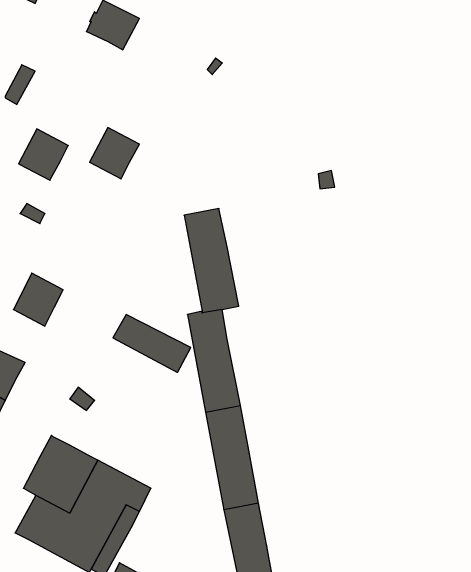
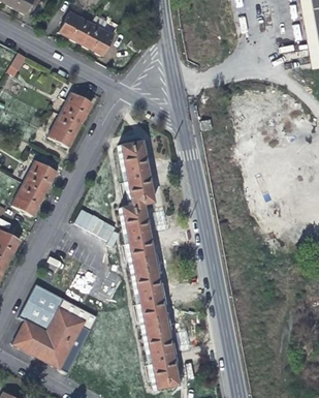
building: none -> [82,23,115,55]
building: [19,129,68,180] -> [50,113,81,145]
building: none -> [25,159,56,192]

